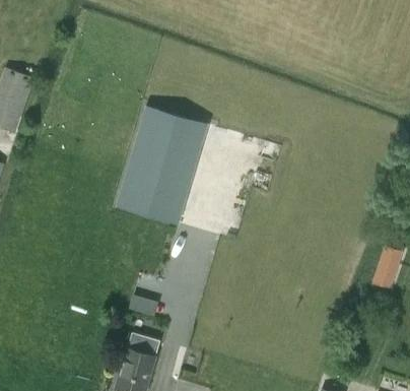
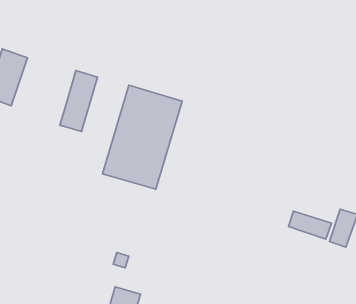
building: none -> [60,71,98,132]
building: none -> [288,211,332,239]

